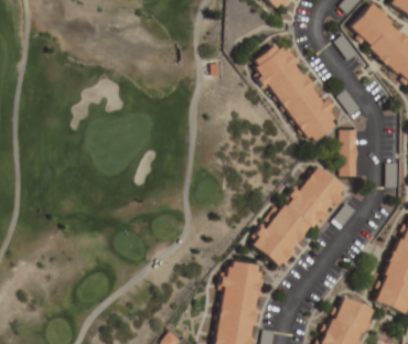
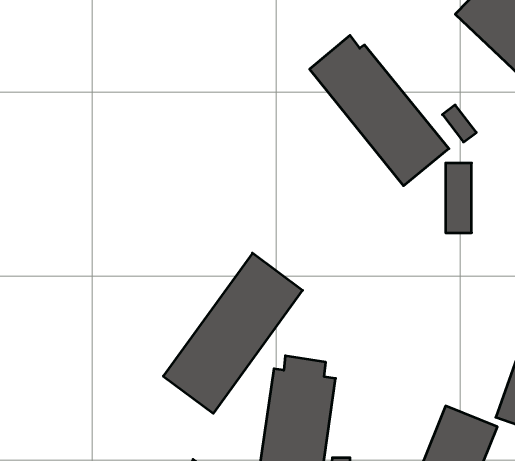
building: [253,161,347,270] -> [163,253,303,413]

